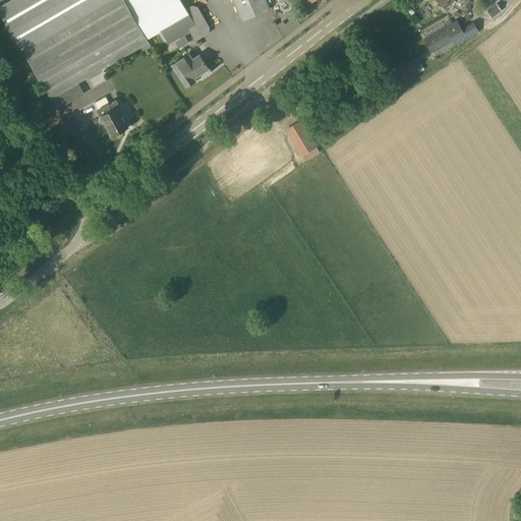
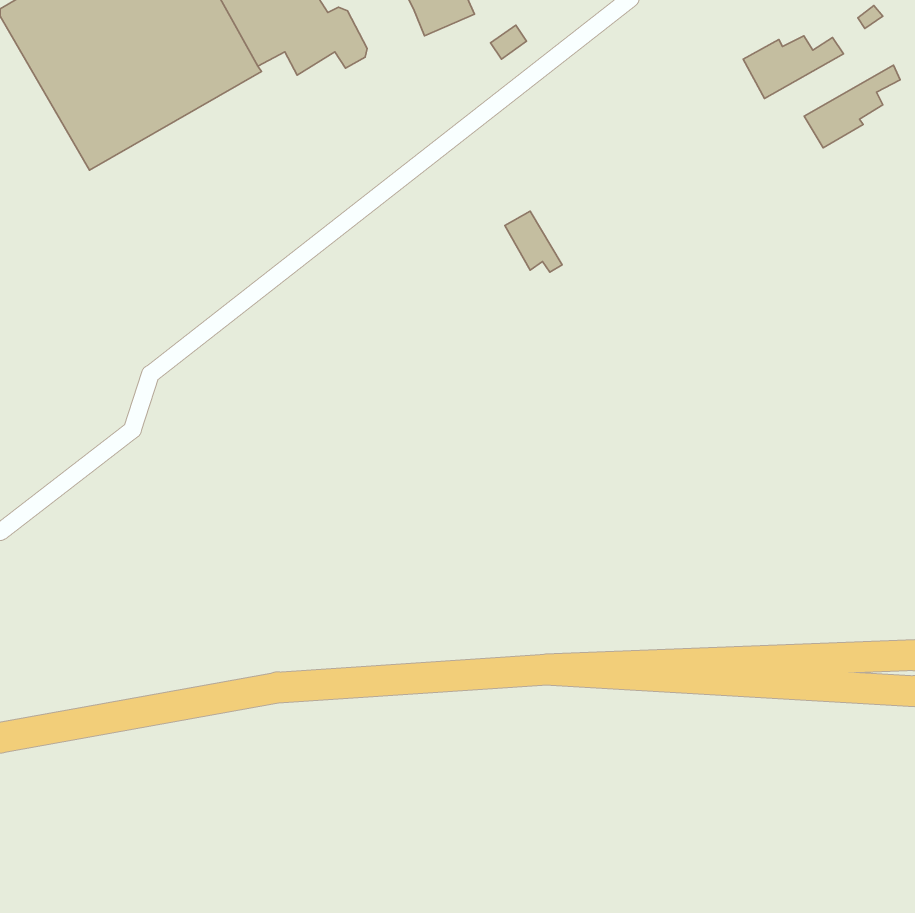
building: none -> [804,65,900,148]
building: [172,52,210,86] -> none
building: [94,95,128,134] -> none

